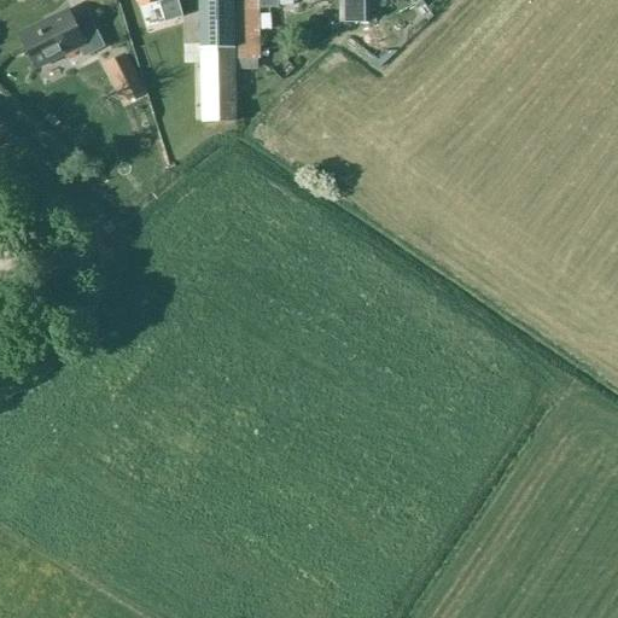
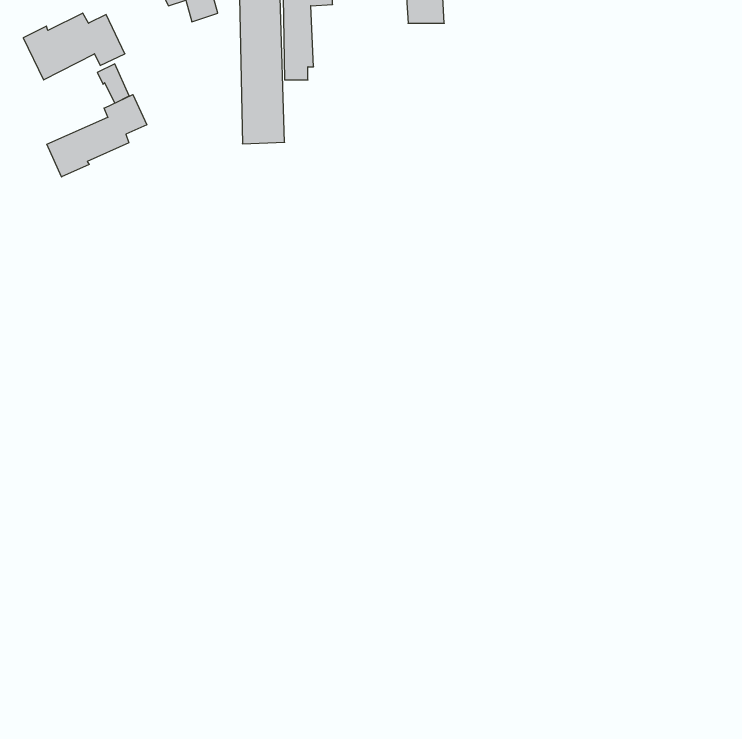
building: none -> [47,95,147,177]

